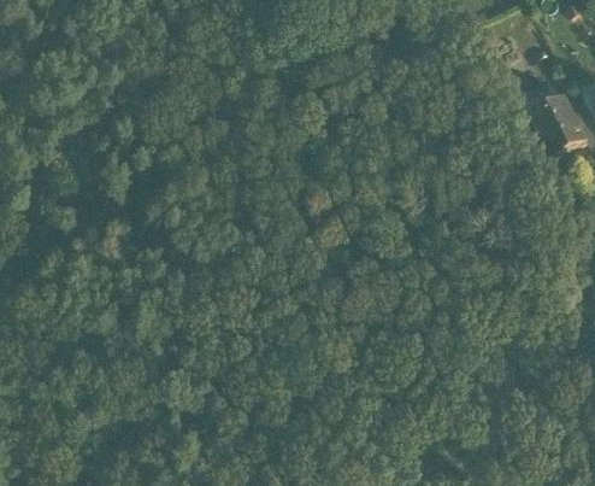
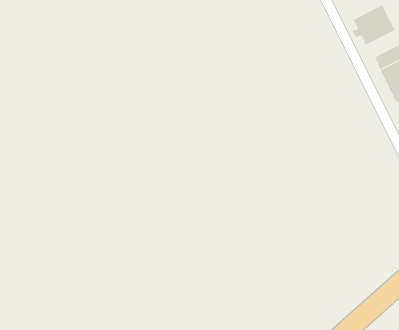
building: none -> [352,5,395,45]

